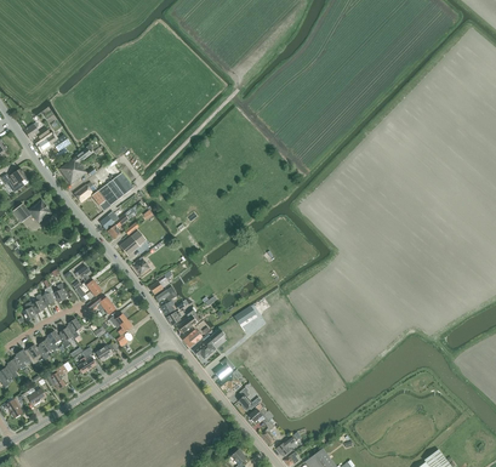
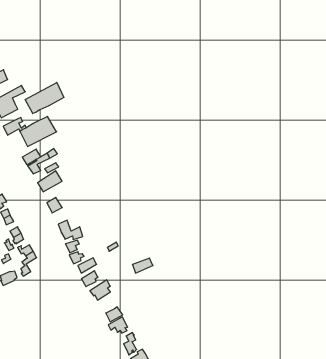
building: none -> [25,82,64,114]

